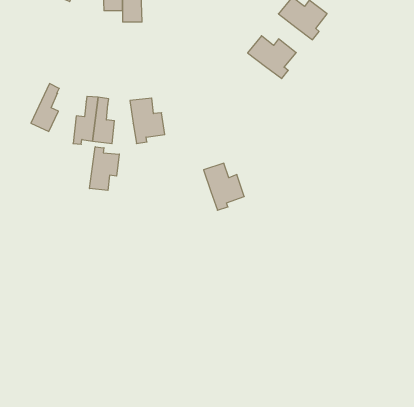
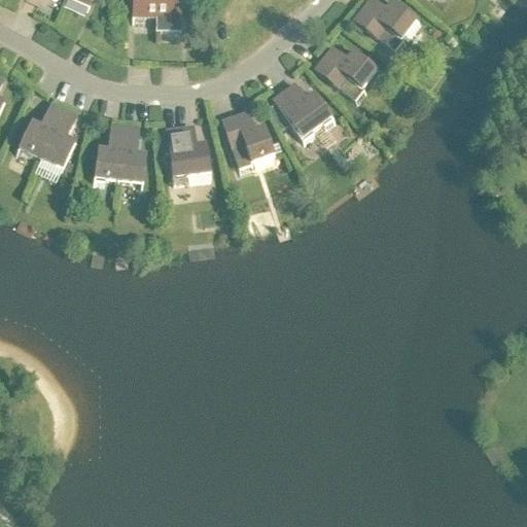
building: none -> [273,81,336,142]
building: none -> [19,101,64,156]
building: [90,147,119,190] -> none
building: [204,163,244,210] -> [222,110,274,170]

